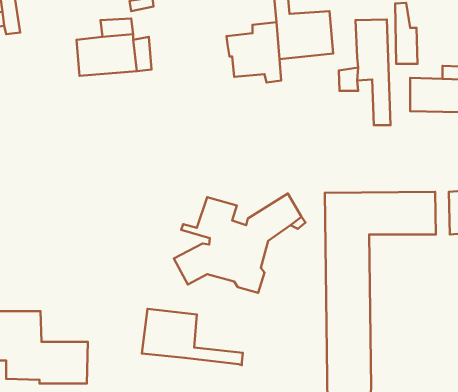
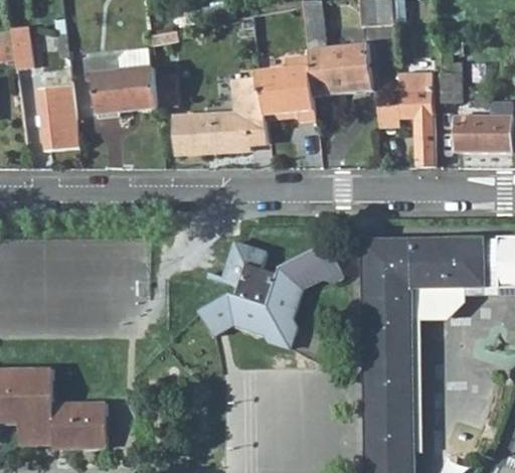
building: none -> [174,77,267,153]
building: none -> [38,82,76,151]
building: none -> [410,285,464,451]
building: [142,309,243,365] -> none

